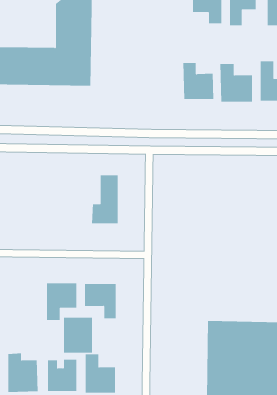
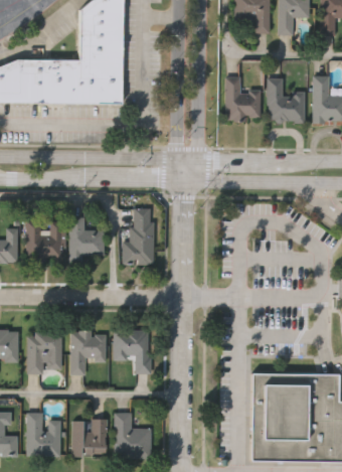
building: none -> [67,215,103,261]
building: none -> [25,220,60,259]
building: [63,317,93,353] -> [26,329,60,370]

